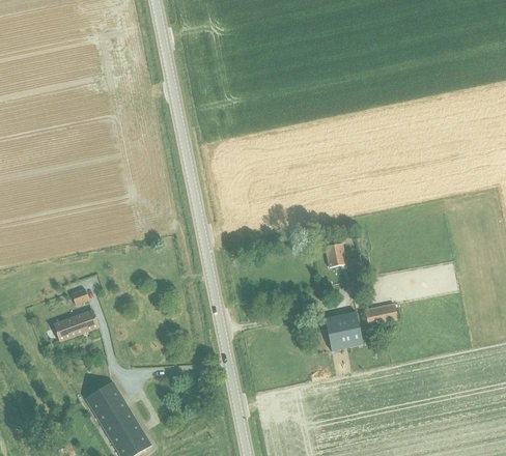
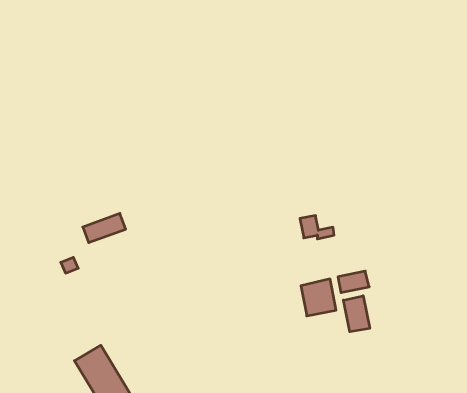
building: [52,309,97,340] -> [83,213,126,243]
building: none -> [343,296,370,332]

